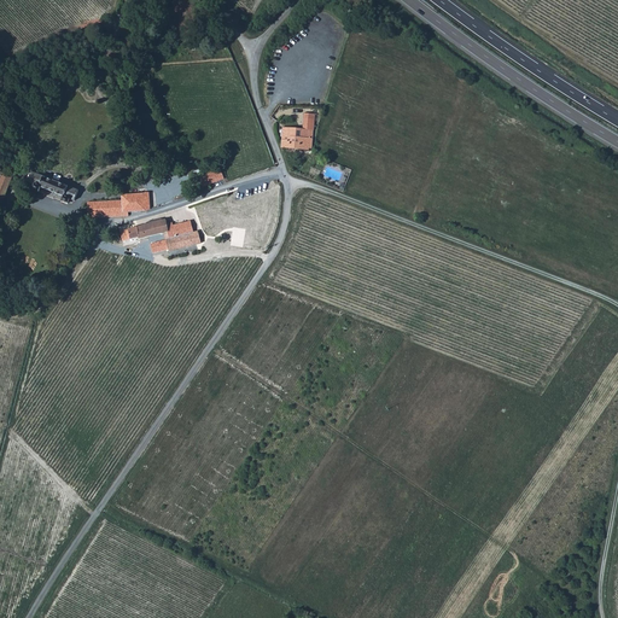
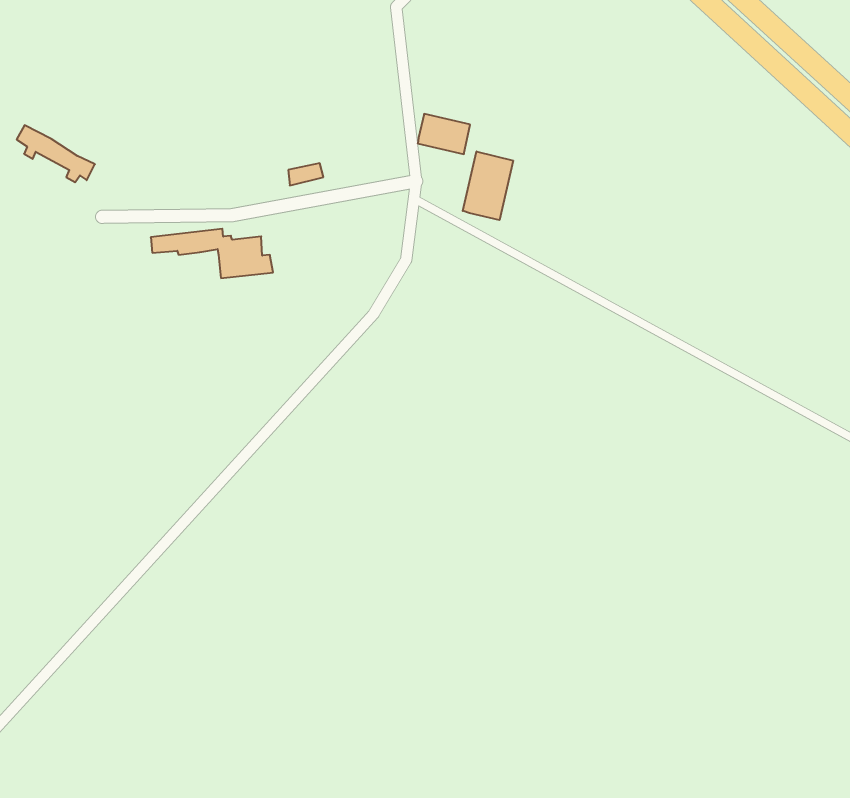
building: none -> [463,151,513,220]
building: [87,192,150,218] -> none

